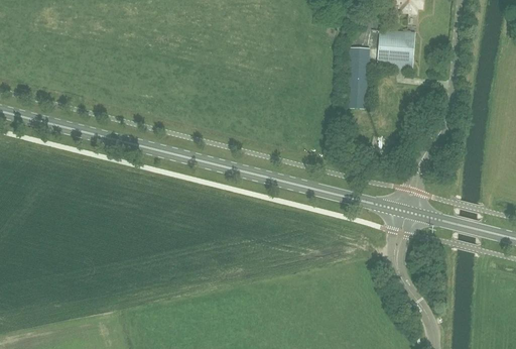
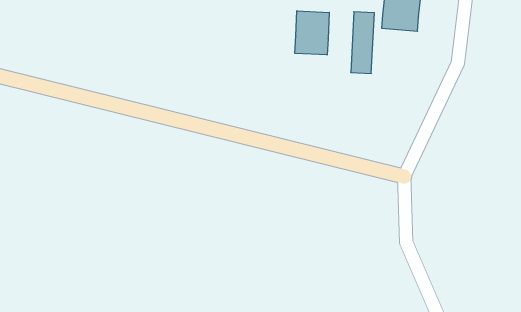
building: none -> [295,11,329,55]

